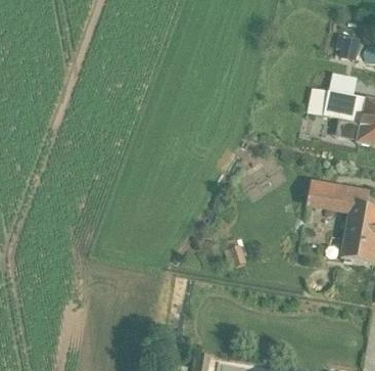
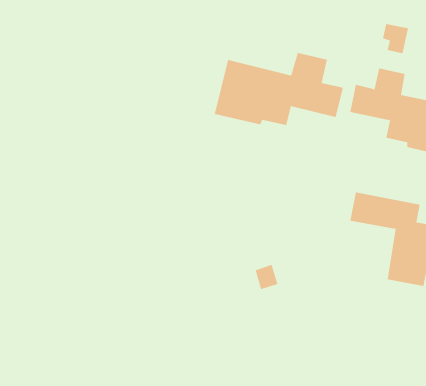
building: none -> [214,52,344,126]

